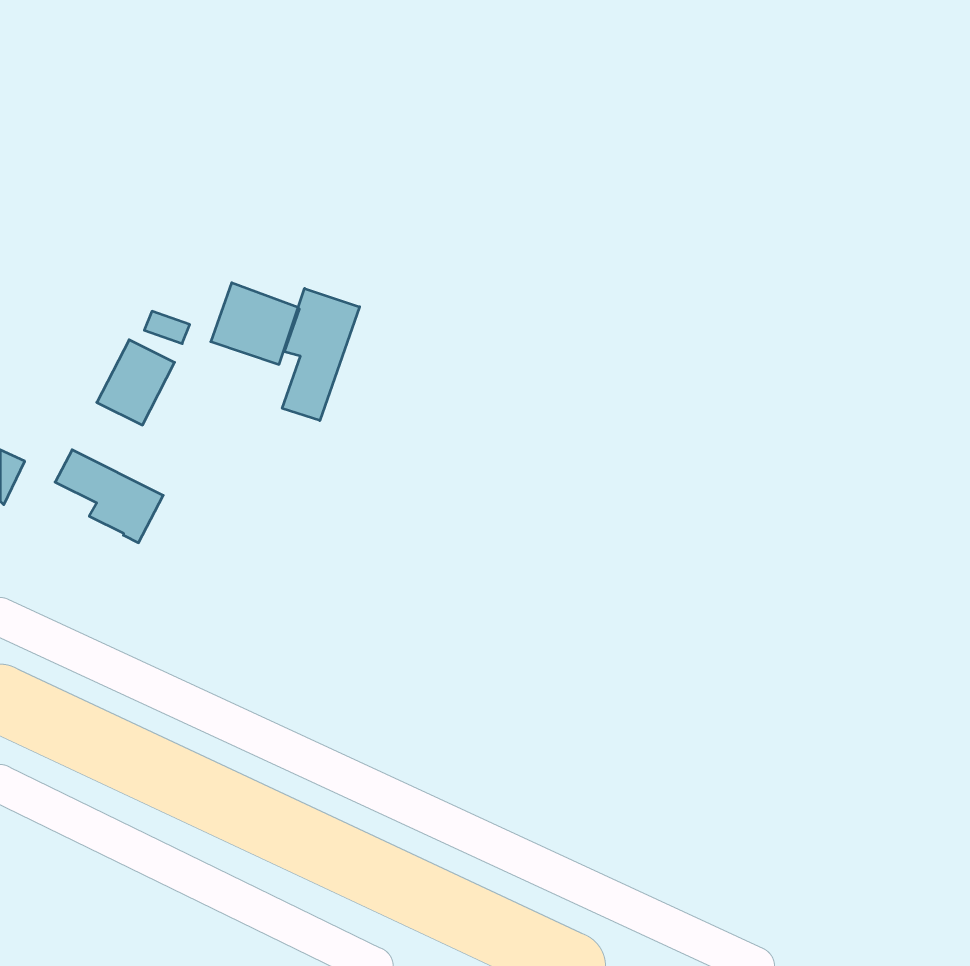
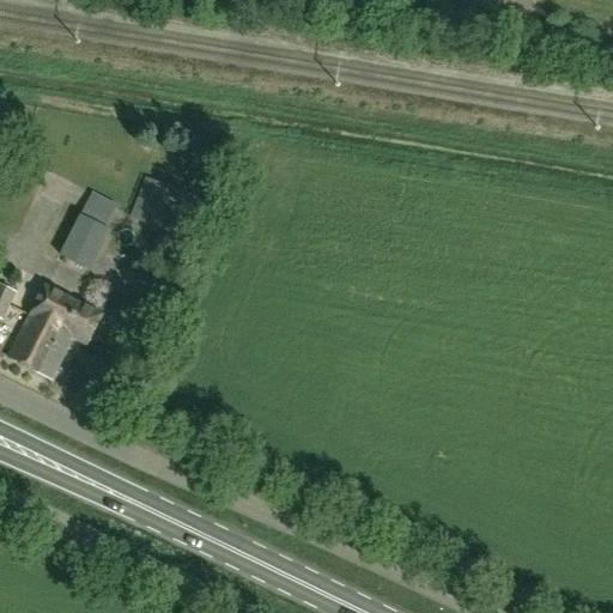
building: [282,288,360,421] -> none
building: none -> [8,304,78,377]

